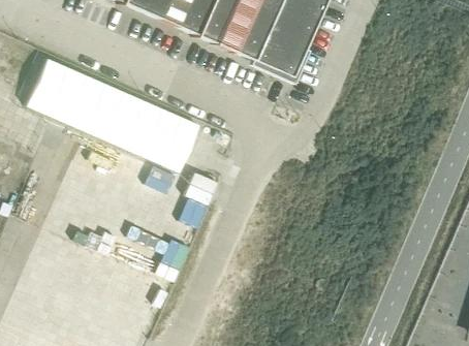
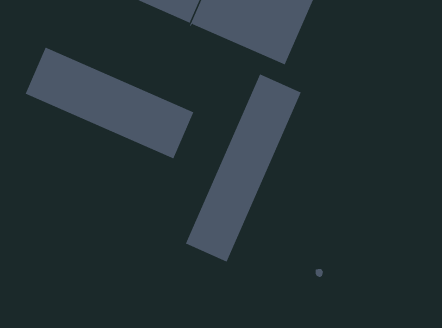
building: none -> [185,74,302,262]

